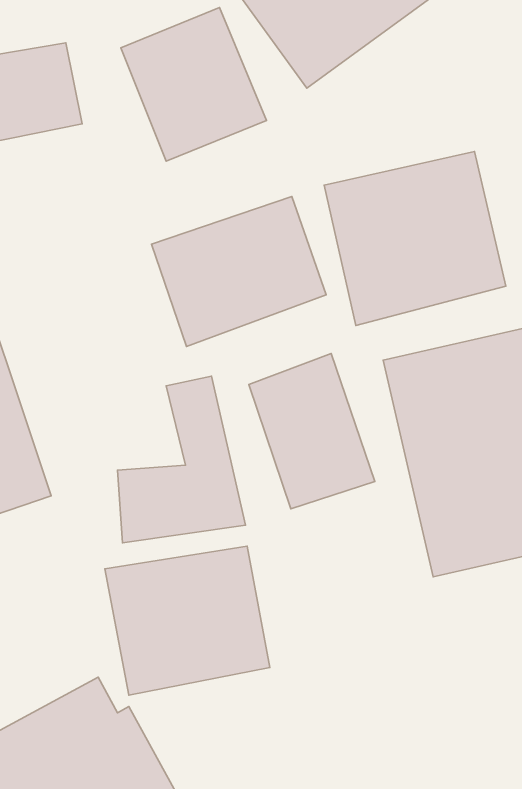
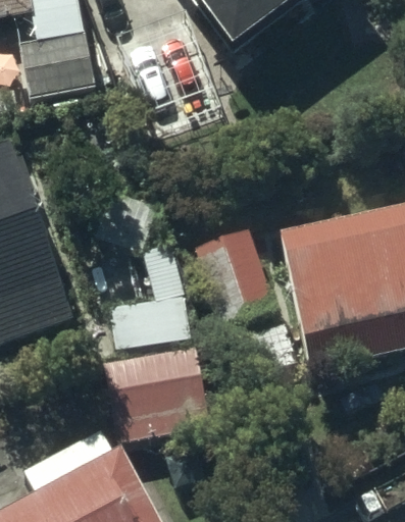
building: [324,152,506,325] -> none
building: [152,196,326,347] -> none

